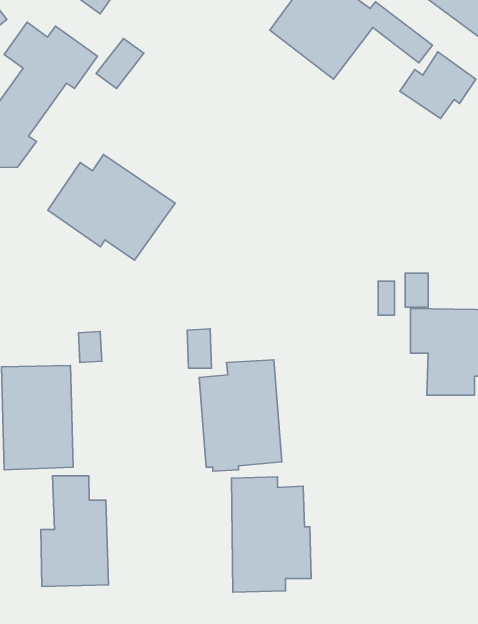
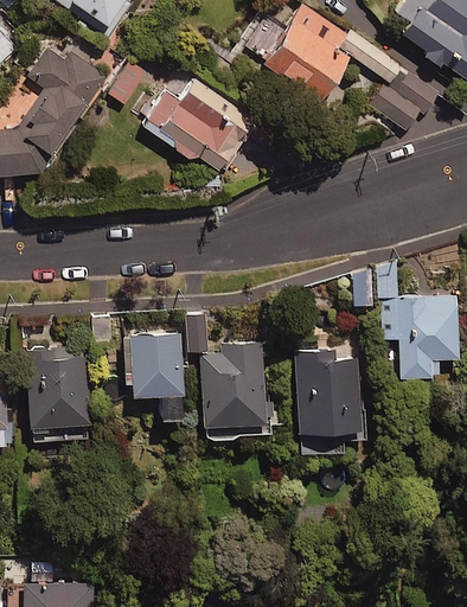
building: [48,154,175,260] -> [145,77,256,170]
building: none -> [127,334,184,416]
building: [41,476,108,587] -> none
building: [231,477,311,592] -> [295,350,365,451]

